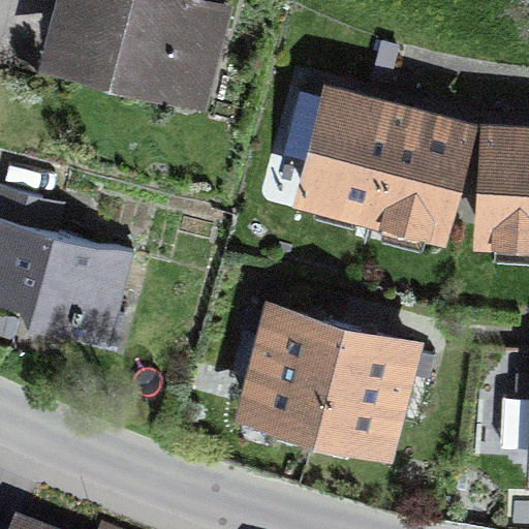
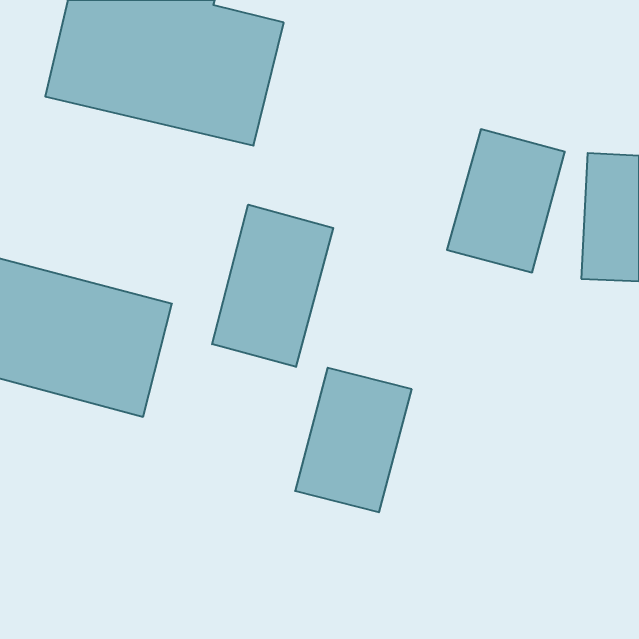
building: [277,82,396,208] -> none
building: none -> [212,205,333,367]
building: [312,322,407,441] -> none

